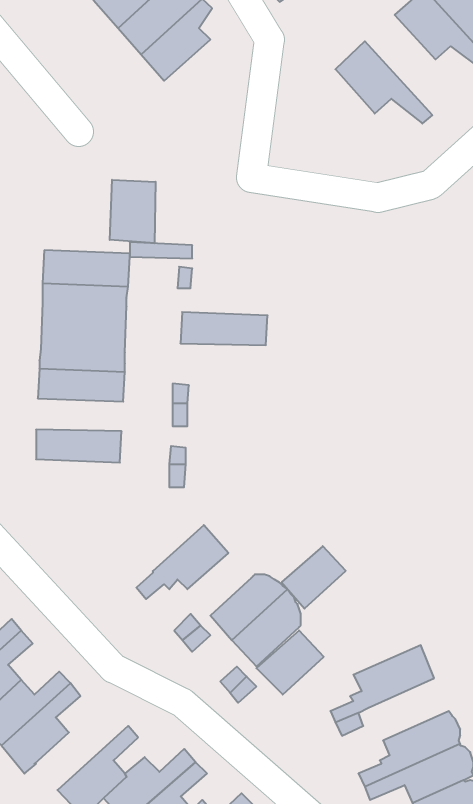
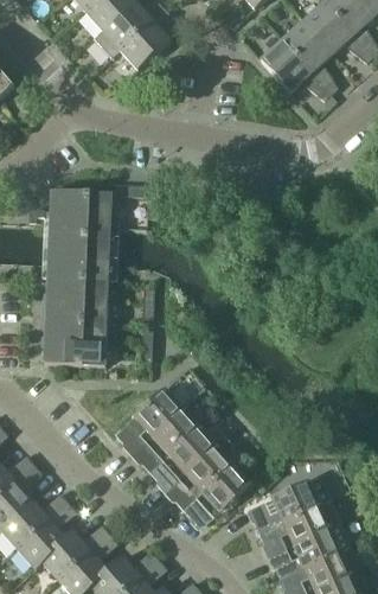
building: none -> [280,21,335,94]
building: [110,180,156,243] -> none
building: [180,312,268,345] -> [43,298,105,321]
building: none -> [41,341,103,366]
building: [282,546,346,609] -> [152,409,198,454]
building: none -> [282,499,340,544]
building: none -> [41,524,109,580]

